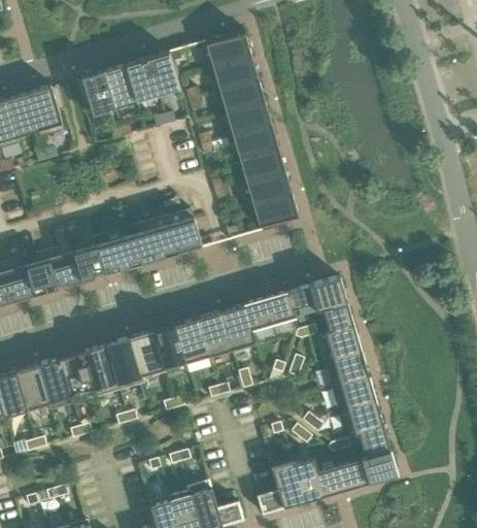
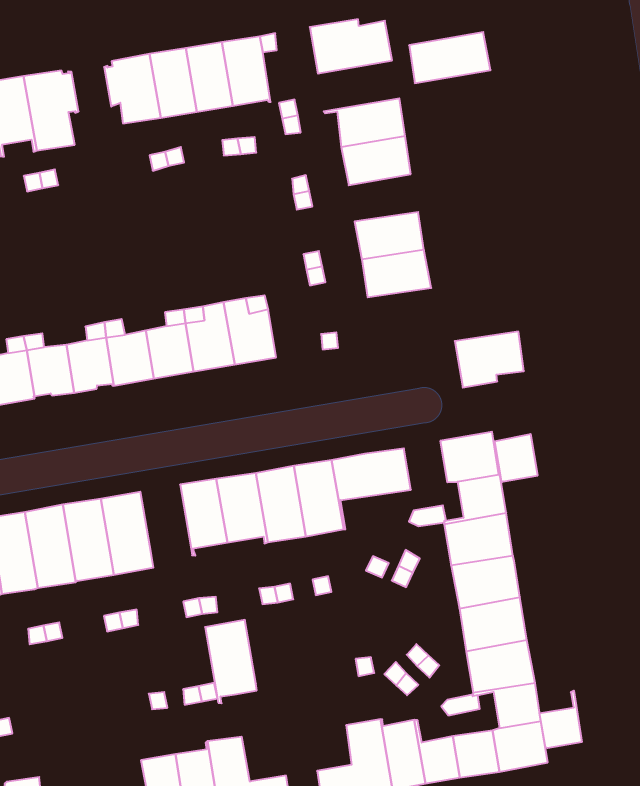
building: [206,56,258,92] -> [409,32,491,83]
building: [233,124,277,157] -> none
building: [252,192,297,230] -> [455,332,524,388]
building: [285,285,314,317] -> [494,434,538,483]
building: [128,330,164,383] -> [205,620,257,703]
building: none -> [540,691,582,748]

